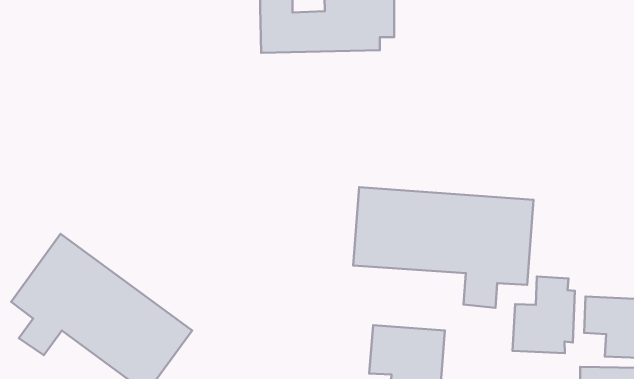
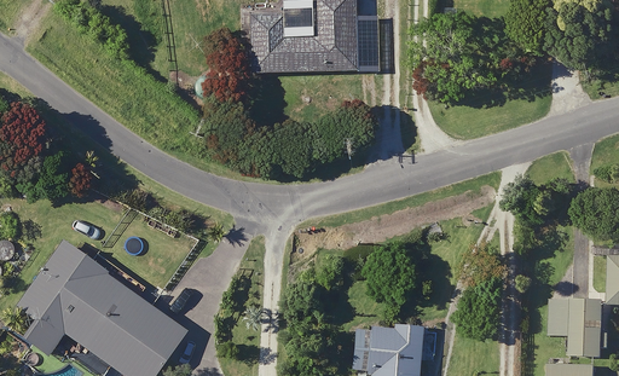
building: [353,187,533,308] -> none
building: [513,277,575,353] -> none

